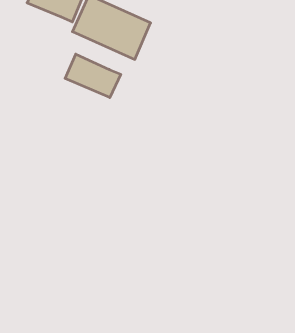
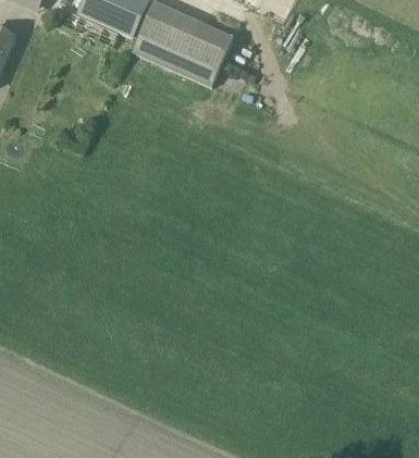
building: [65,54,121,98] -> none

